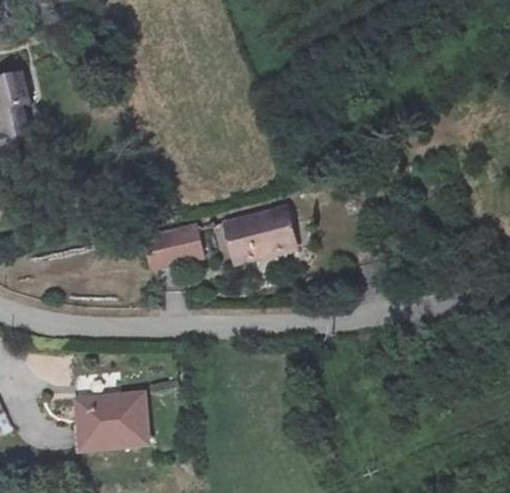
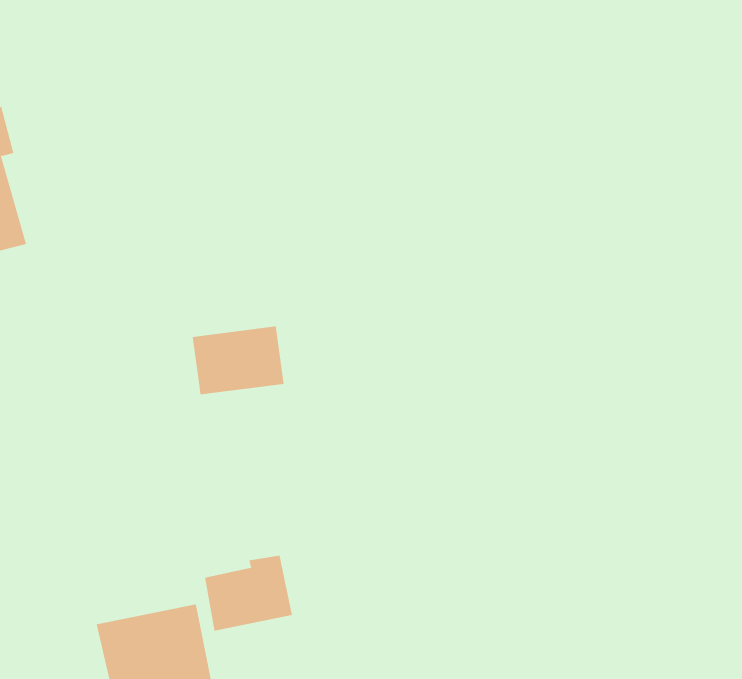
building: [221,206,291,262] -> none
building: none -> [204,555,292,631]

